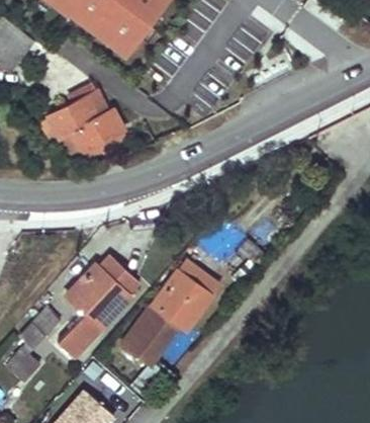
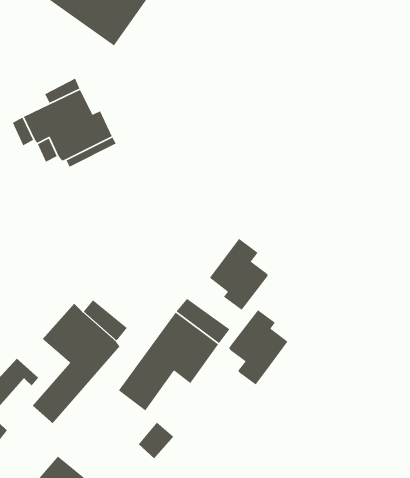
building: none -> [209,238,269,311]
building: none -> [228,309,289,385]

